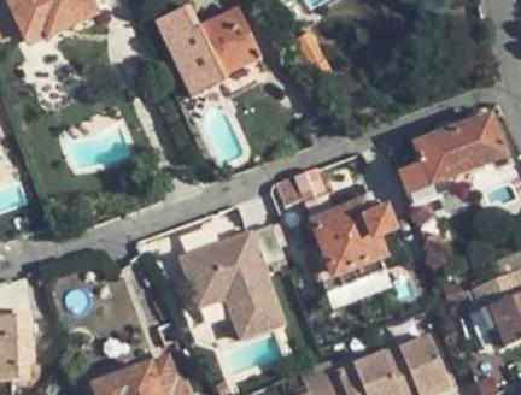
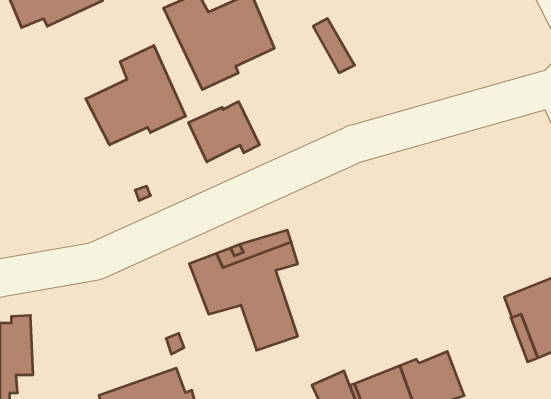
building: none -> [86,45,186,145]
building: none -> [189,102,259,162]
building: [399,113,505,205] -> none
building: [280,165,392,305] -> none

